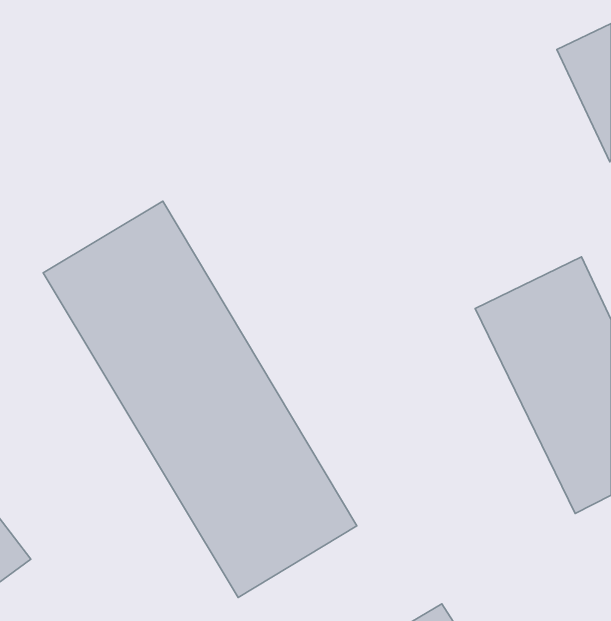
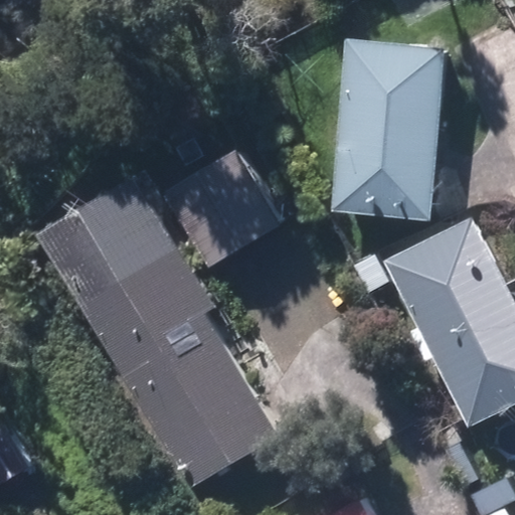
building: none -> [332,39,447,222]
building: none -> [164,152,279,269]

